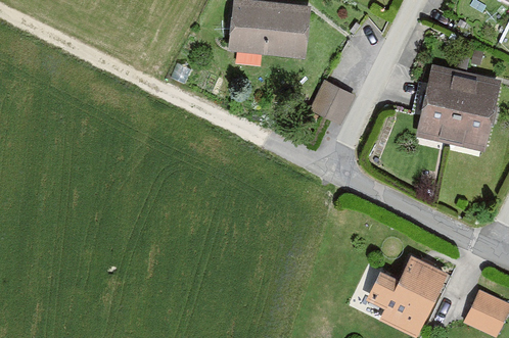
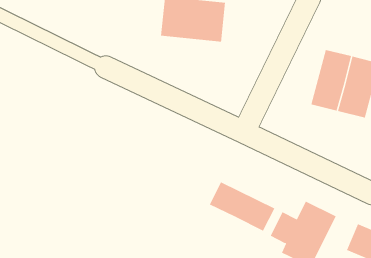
building: [311,79,355,122] -> none
building: none -> [209,182,275,231]

